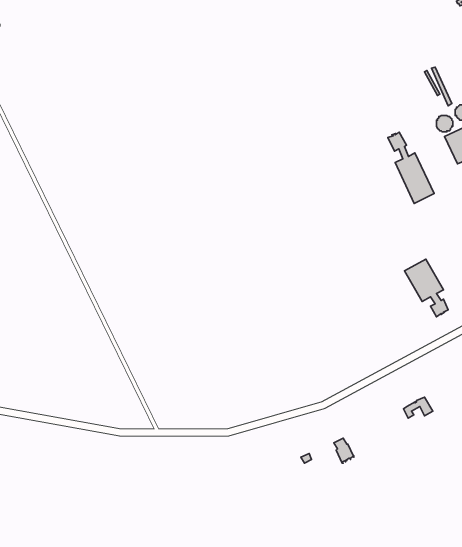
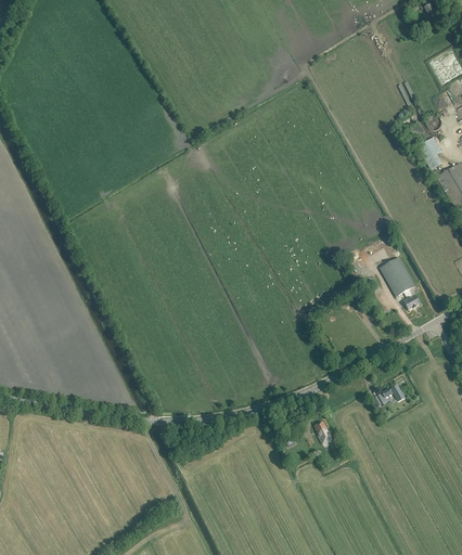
building: [388,132,434,204] -> none

